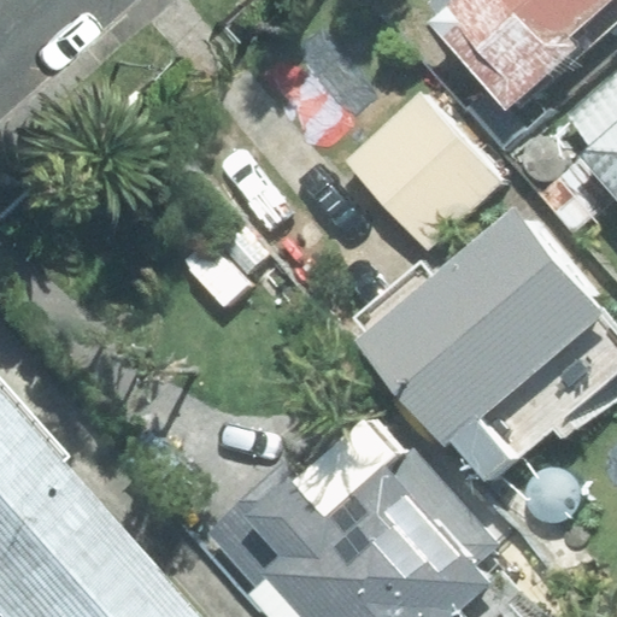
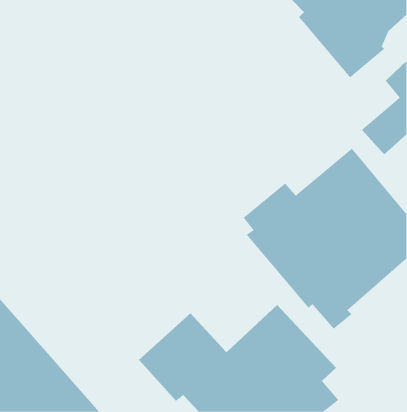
building: [340,92,500,249] -> none

